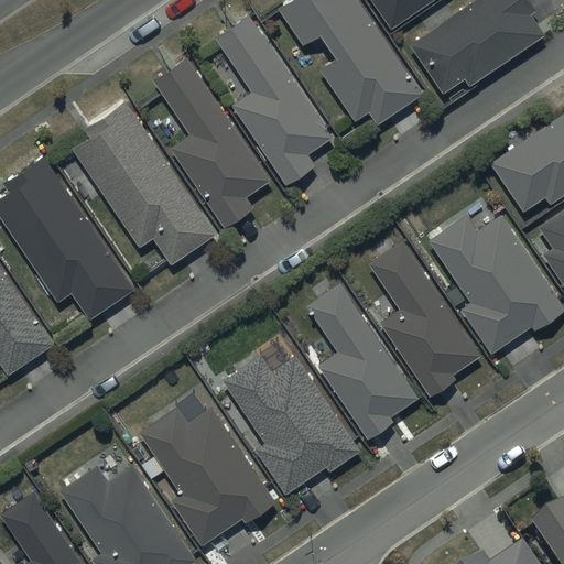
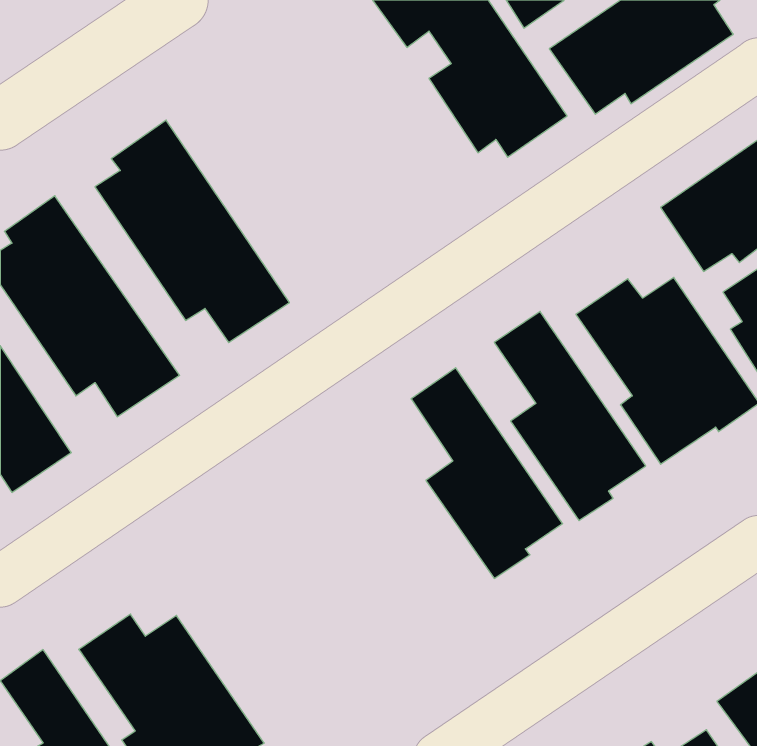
building: [214,13,333,184] -> none
building: [152,56,271,226] -> none
building: [223,355,360,495] -> none
building: [139,405,275,545] -> none

